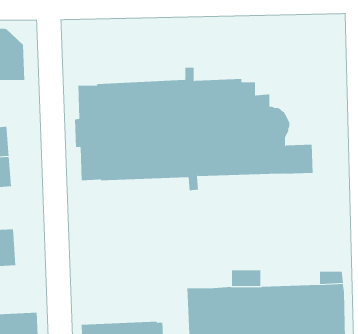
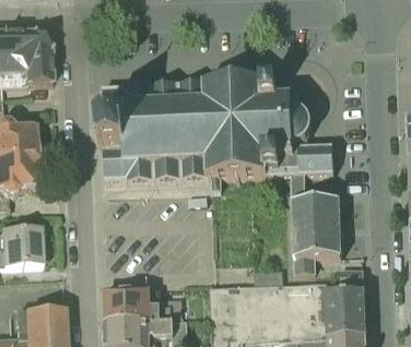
building: none -> [286,175,341,273]
building: none -> [105,289,181,322]

